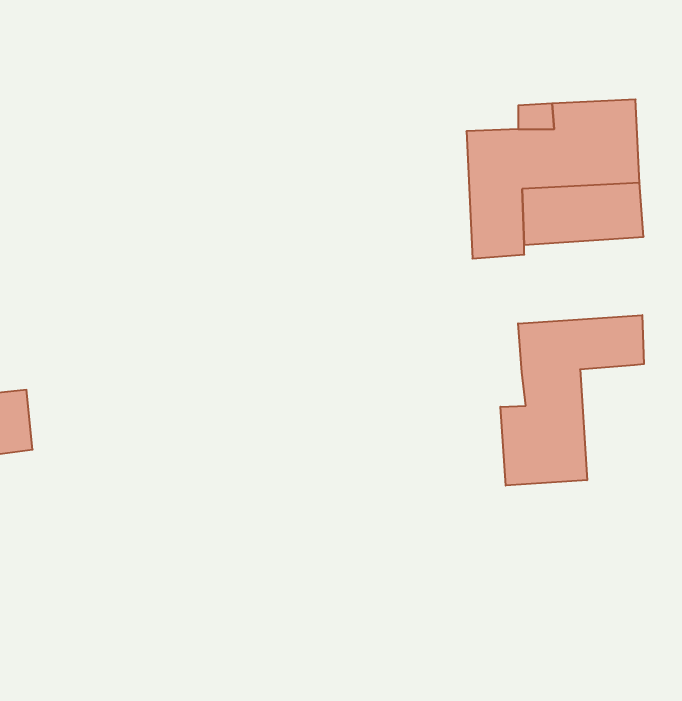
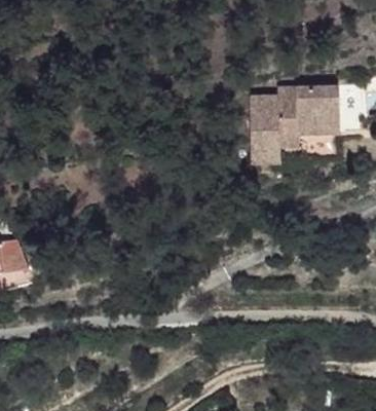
building: [500,315,644,486] -> none

